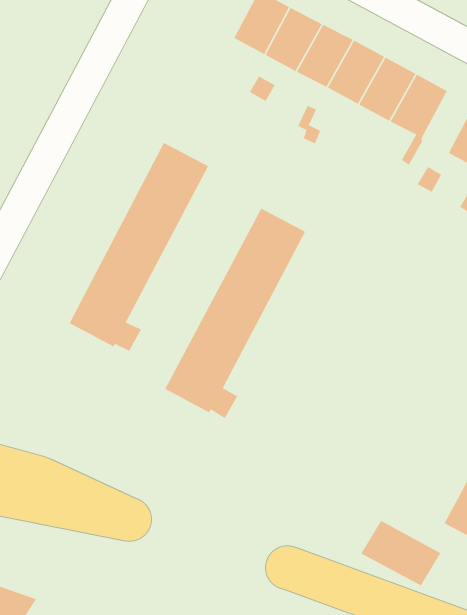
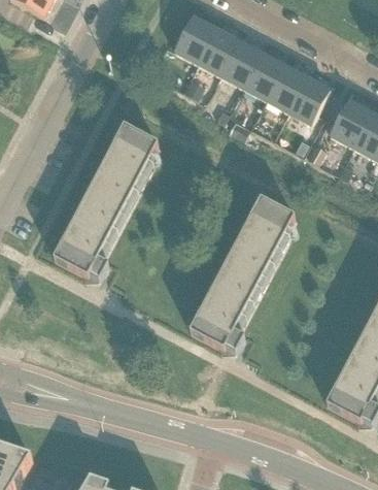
building: [164,208,306,419] -> [190,197,293,351]
building: [360,520,442,587] -> none

